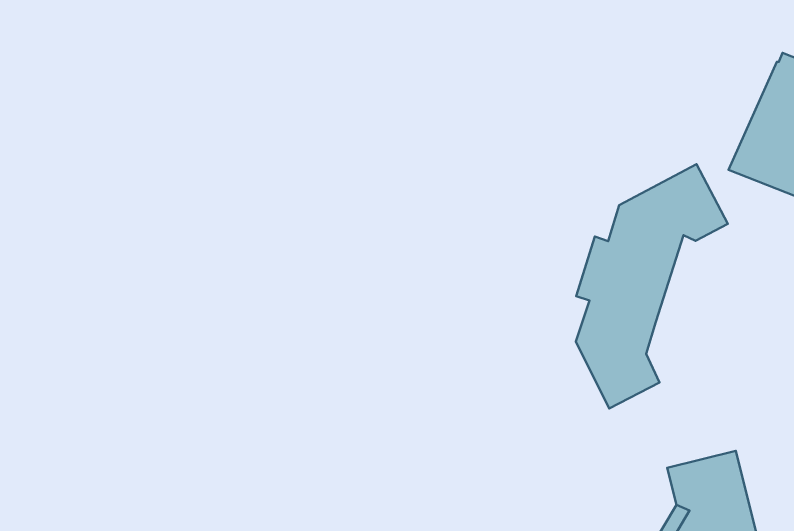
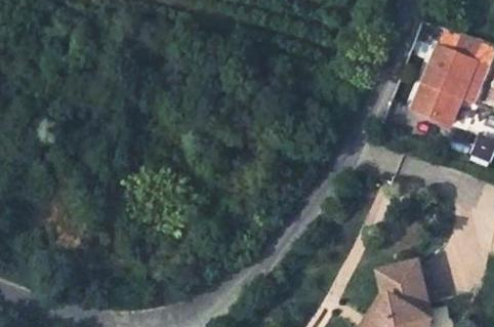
building: [576,164,728,409] -> none

